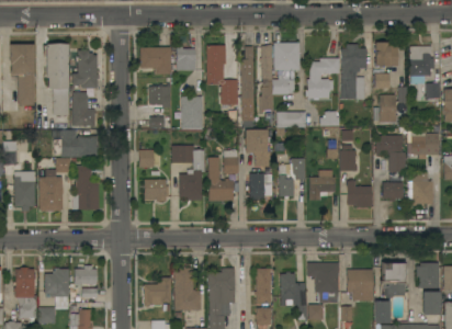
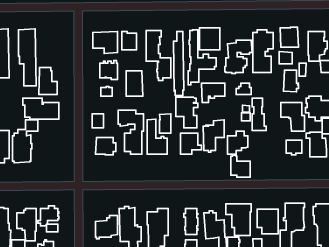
building: [72,50,100,89] -> none
building: [72,166,99,209] -> none
building: [348,180,372,207] -> [231,155,250,177]

